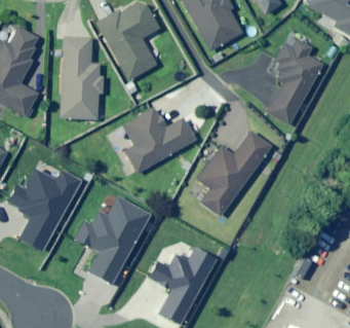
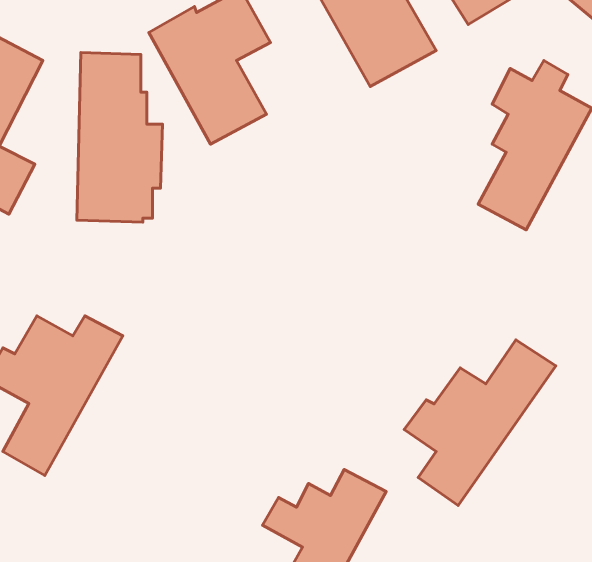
building: [122,108,195,173] -> none
building: [192,132,270,217] -> [404,340,556,505]
building: [75,197,152,283] -> none

